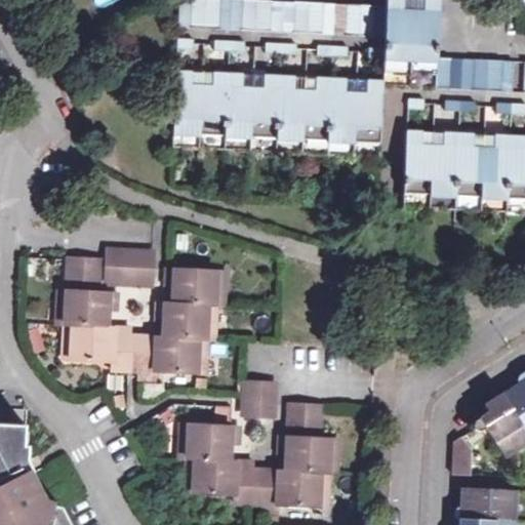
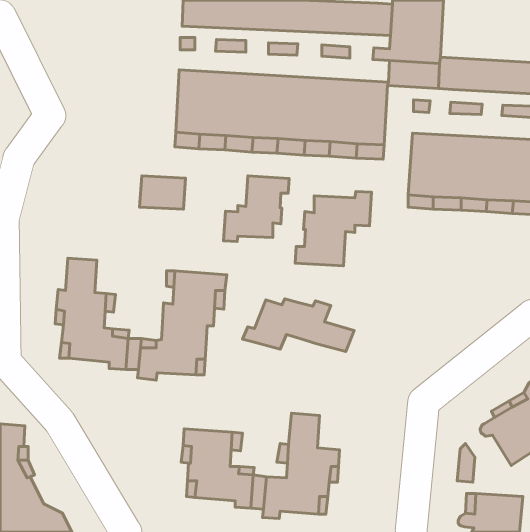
building: none -> [224,176,289,242]
building: none -> [295,191,371,266]
building: [106,246,151,279] -> [140,176,185,209]
building: none -> [243,299,354,351]
building: [243,382,273,414] -> none

